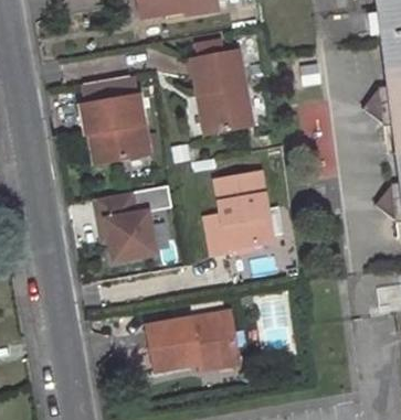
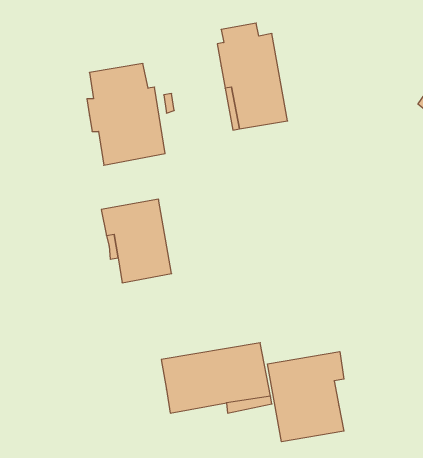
building: [204,173,270,256] -> none
building: none -> [268,352,344,442]

